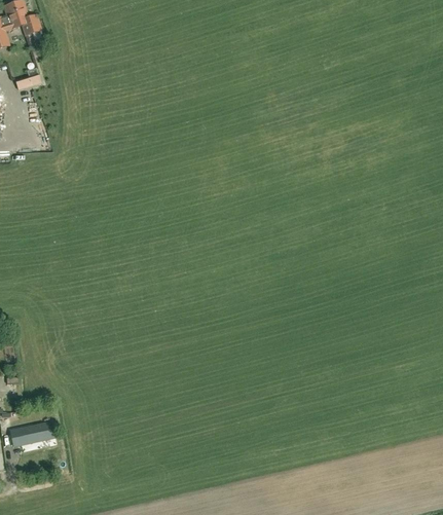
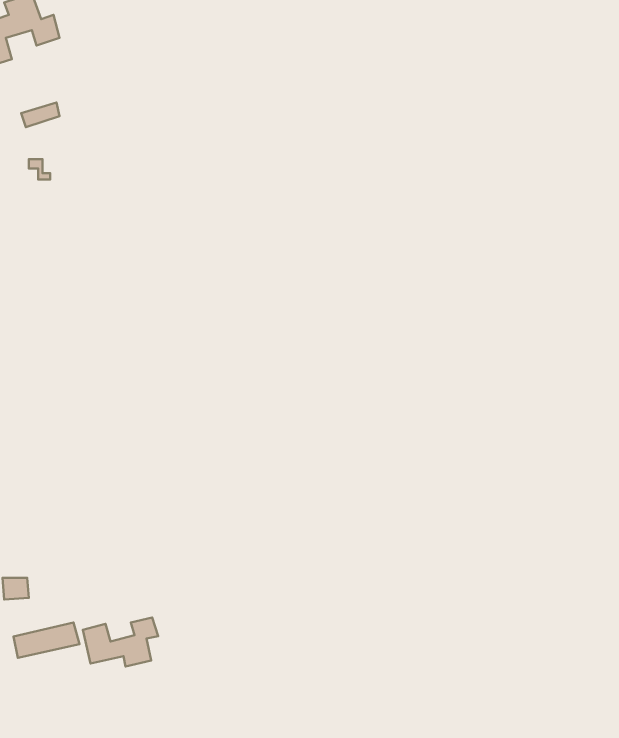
building: none -> [83,617,158,667]

